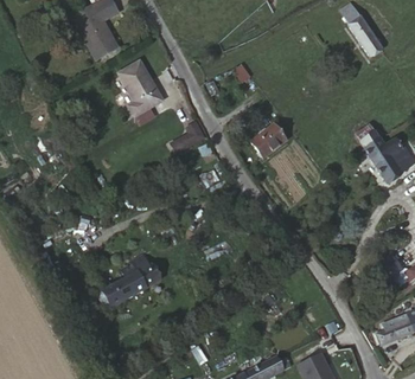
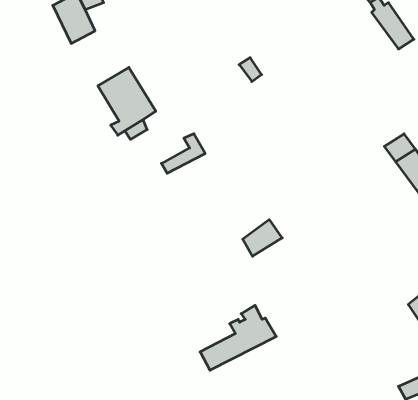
building: [255,128,288,159] -> [243,220,282,256]
building: [98,252,162,307] -> [200,305,276,370]

